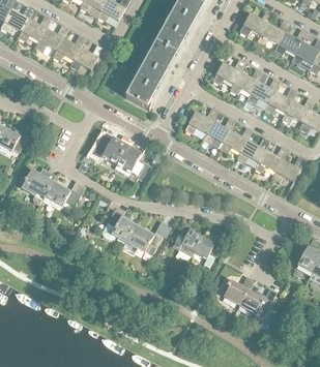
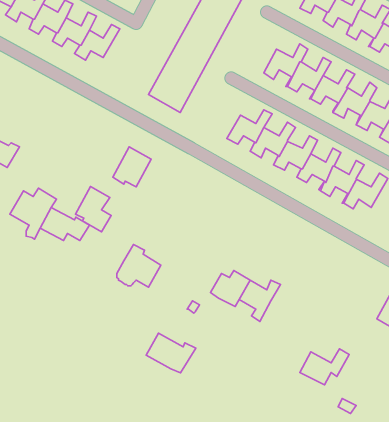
building: [115,145,142,179] -> [75,187,111,232]
building: [124,224,162,254] -> [146,333,196,373]
building: [222,275,253,305] -> none

